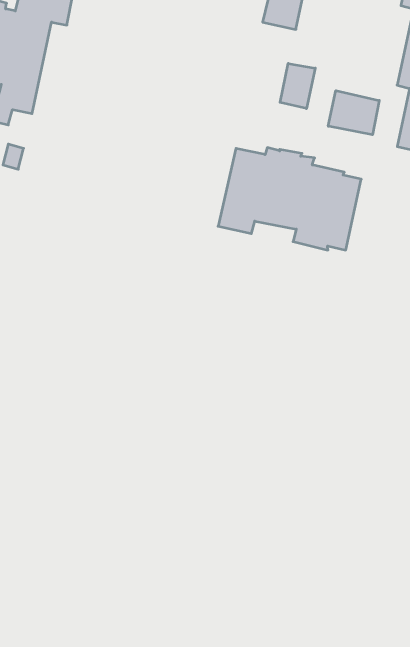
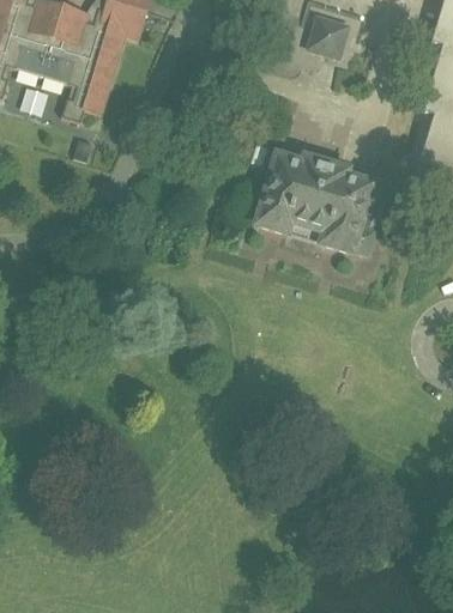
building: [280,63,315,109] -> none
building: [328,91,379,135] -> none

